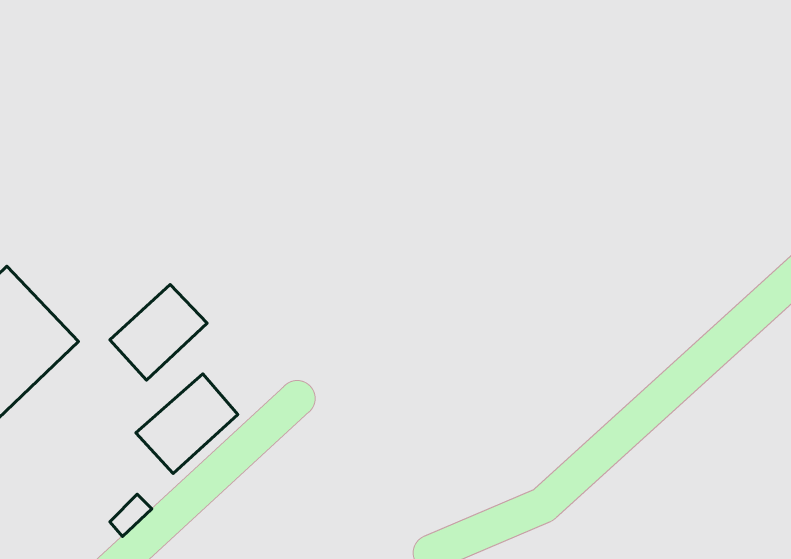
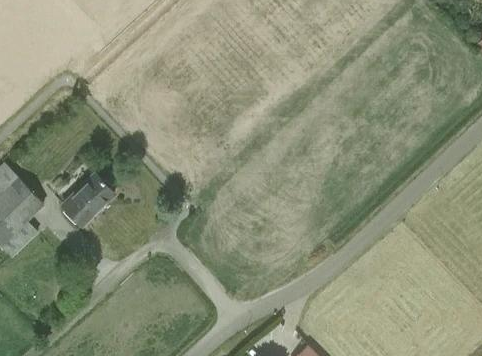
building: [136,374,238,474] -> none

